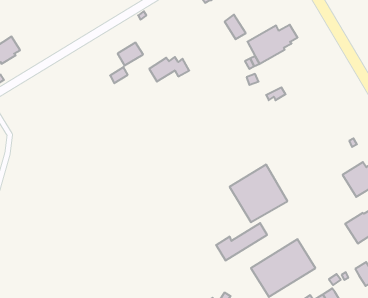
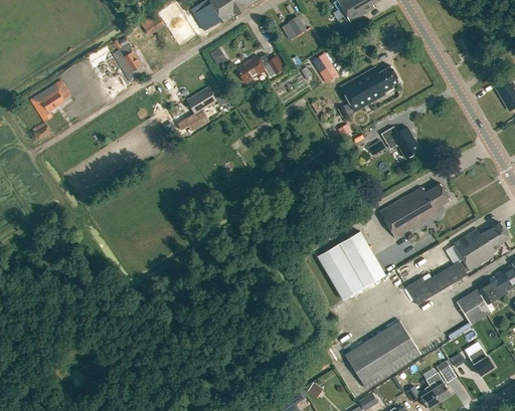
building: none -> [116,46,144,82]
building: [149,57,189,82] -> [235,53,283,82]
building: none -> [380,126,420,158]
building: none -> [379,182,450,238]
building: [216,223,267,260] -> [407,260,468,304]

